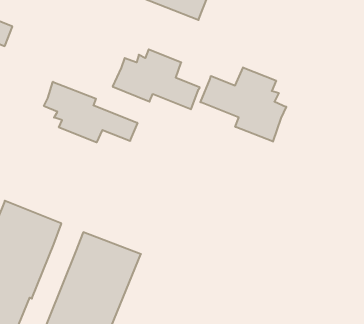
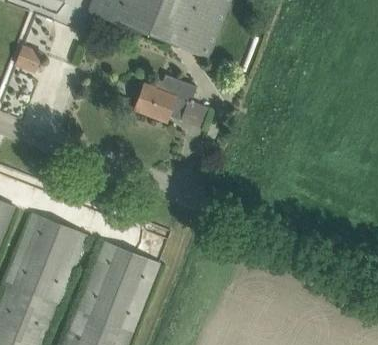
building: [200,67,286,142] -> none
building: [44,82,137,142] -> none

